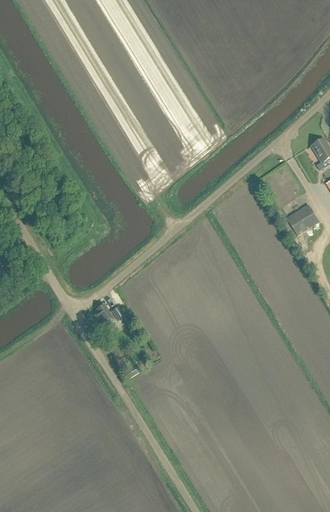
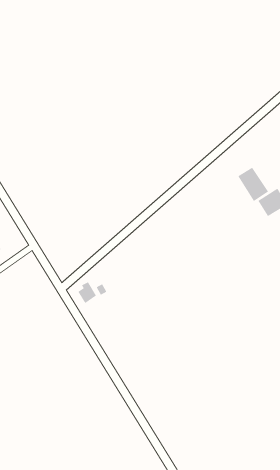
building: none -> [238,167,269,202]

